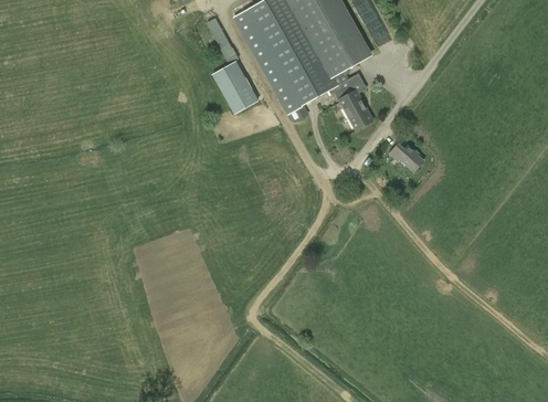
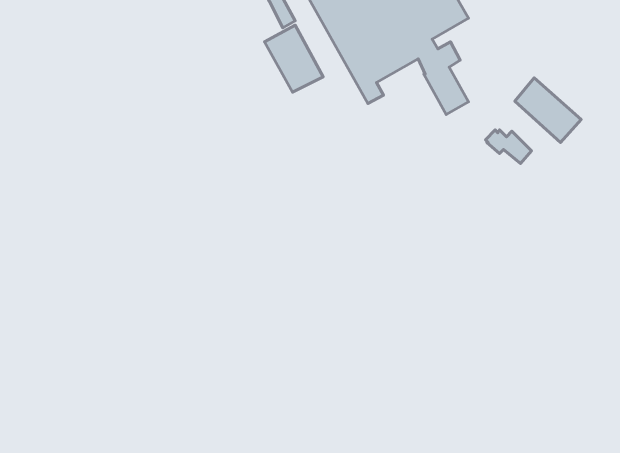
building: none -> [515,78,581,143]

